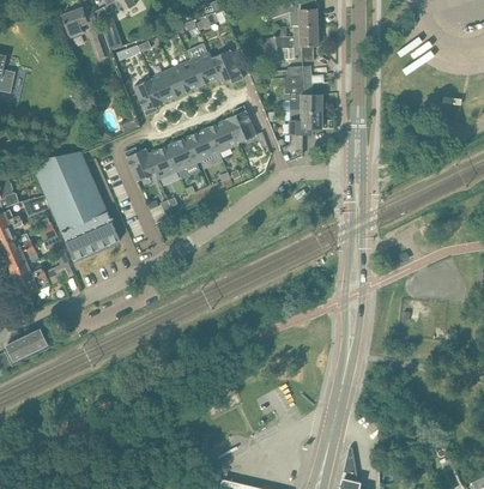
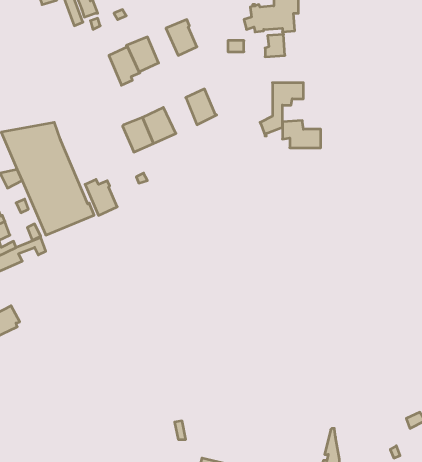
building: [211,50,243,84] -> none
building: [171,60,201,93] -> none
building: [285,86,322,113] -> [282,121,321,148]
building: [226,107,256,144] -> none
building: [187,127,219,162] -> none
building: [125,147,156,182] -> [85,179,117,215]

